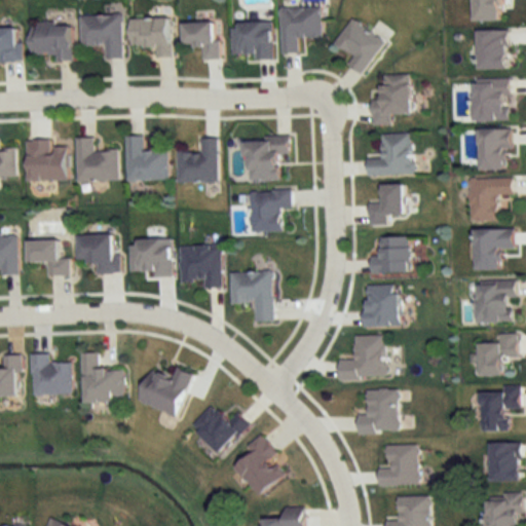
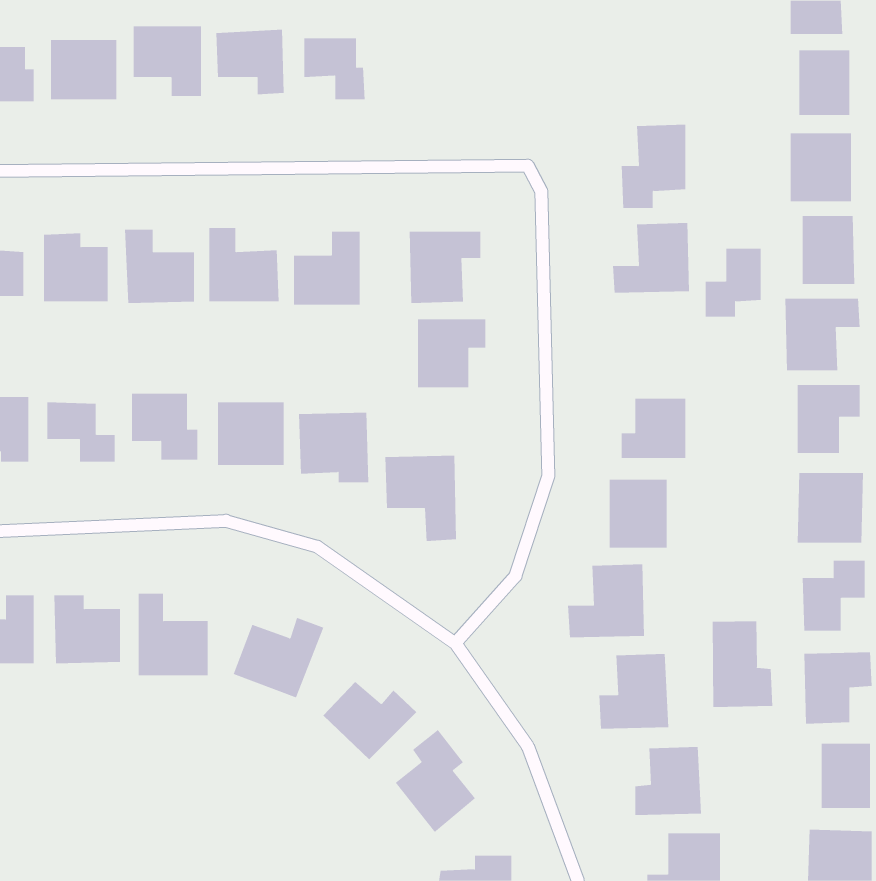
building: [278,8,320,53] -> none
building: [333,18,382,75] -> none
building: [230,23,270,59] -> none
building: [368,184,402,225] -> [705,248,762,317]
building: none -> [712,620,773,708]

